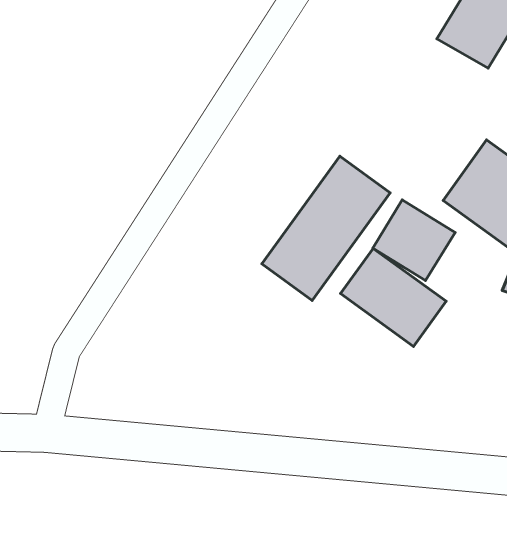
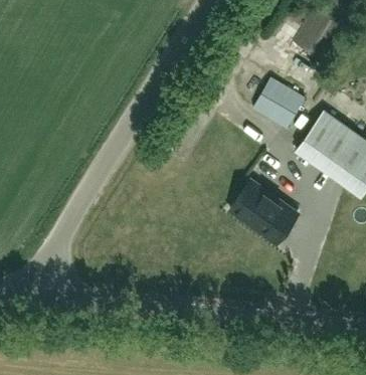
building: [262,156,390,300] -> none
building: [373,200,455,281] -> [251,77,305,130]

